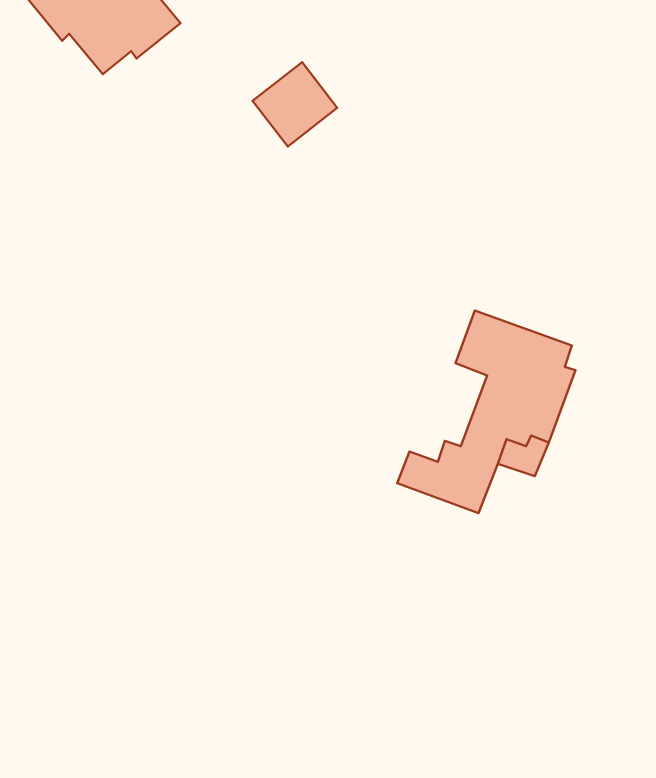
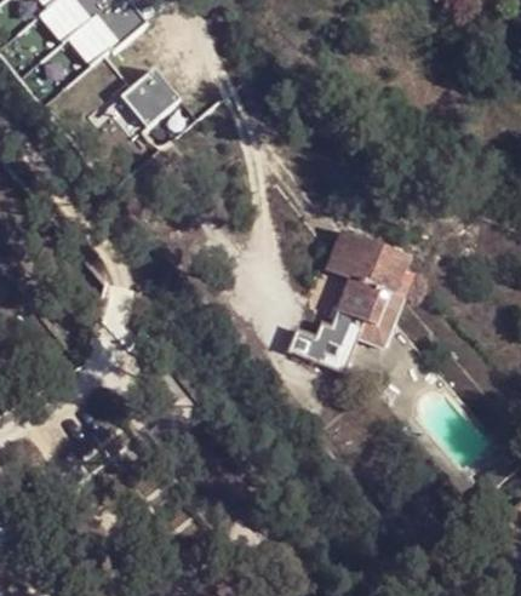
building: [253,62,337,147] -> [118,71,176,130]

